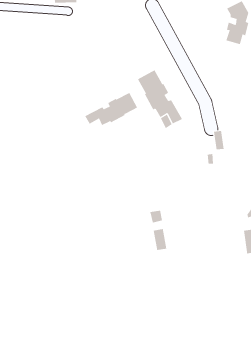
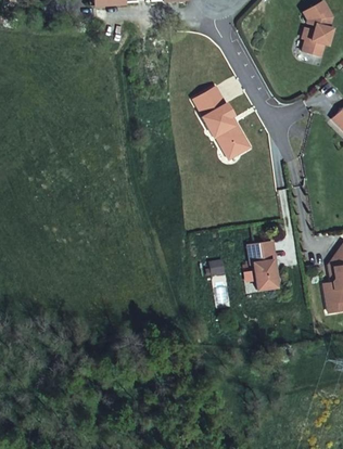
building: [84,92,138,126] -> none
building: none -> [249,242,277,291]

